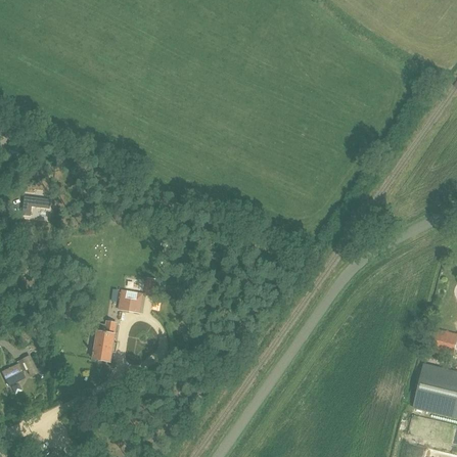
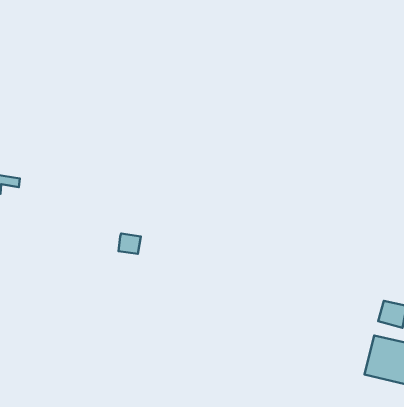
building: [120,290,143,312] -> [118,234,141,254]
building: [94,321,117,362] -> none

